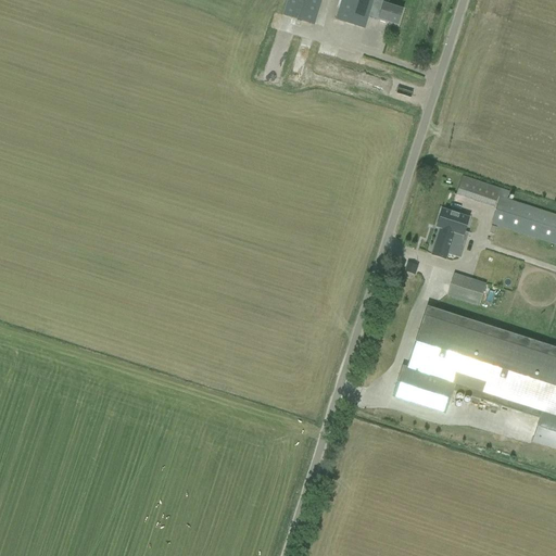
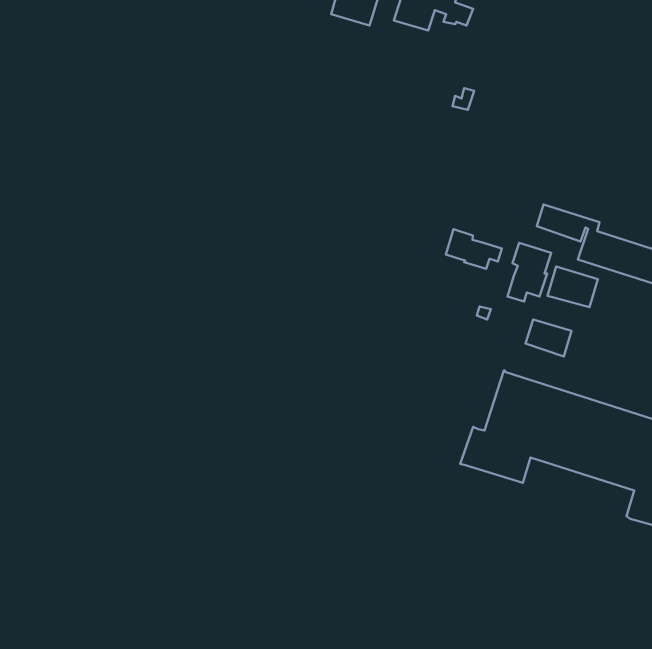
building: none -> [446,229,502,269]
building: none -> [547,267,598,307]

